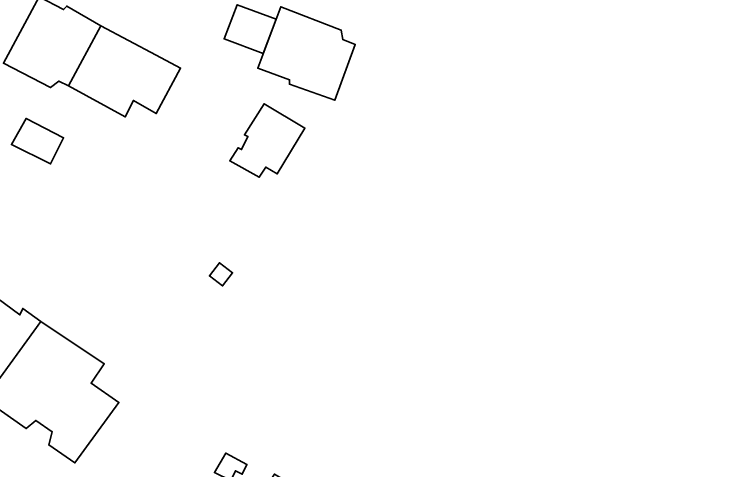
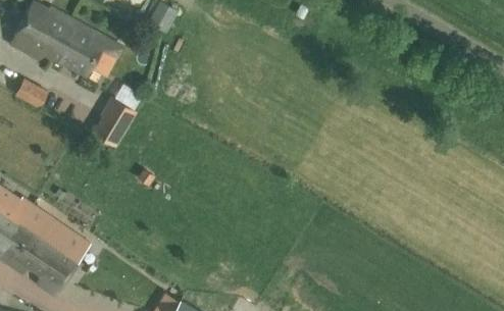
building: [258,7,355,100] -> none
building: [230,104,305,177] -> [90,96,137,142]

